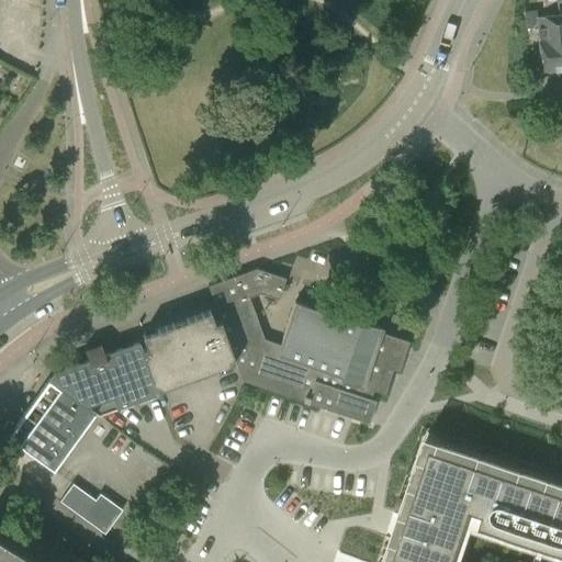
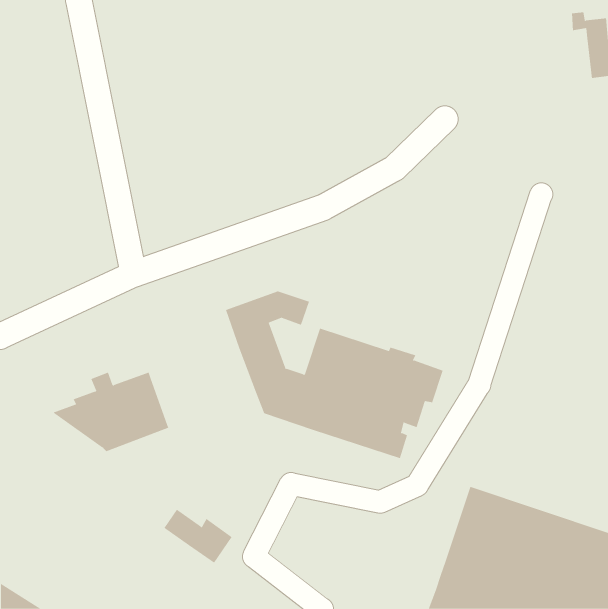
building: [140,311,236,392] -> none
building: [8,380,95,470] -> none
building: [59,483,123,533] -> [163,509,232,564]

